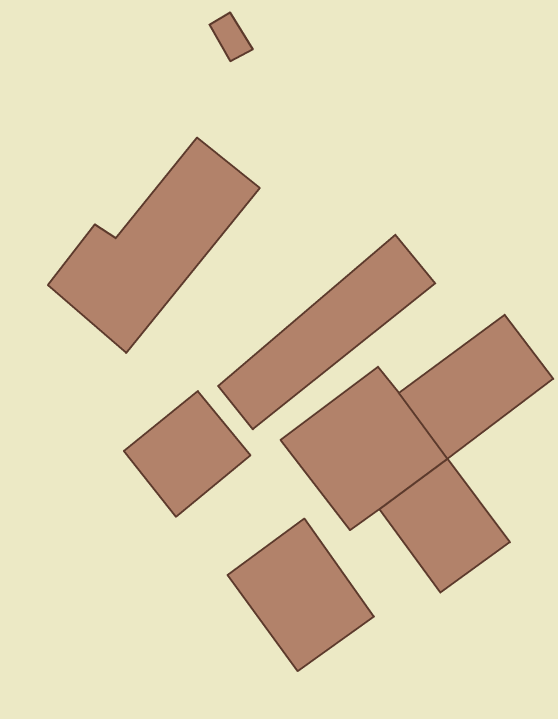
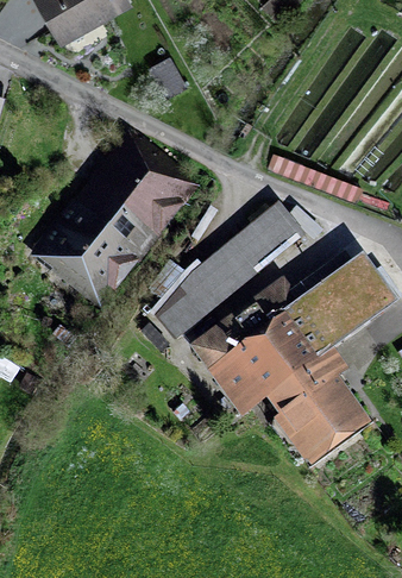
building: [124,391,250,517] -> none
building: [228,519,374,671] -> none

